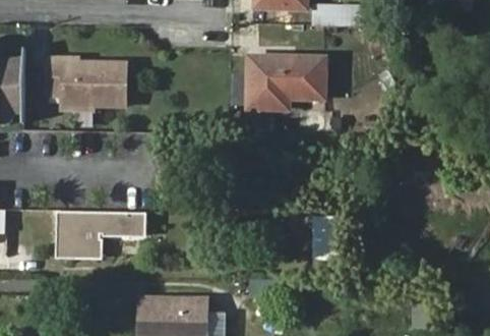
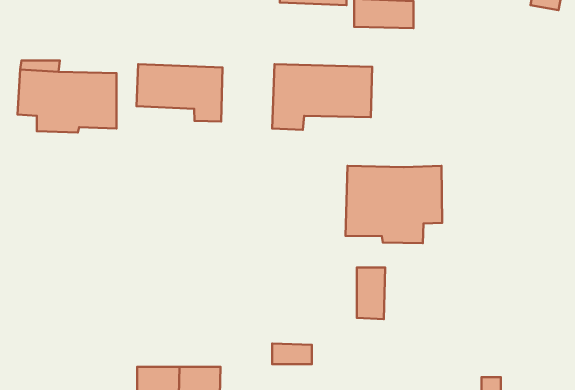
building: none -> [137,64,223,122]
building: none -> [346,166,442,243]
building: [56,211,143,256] -> none

